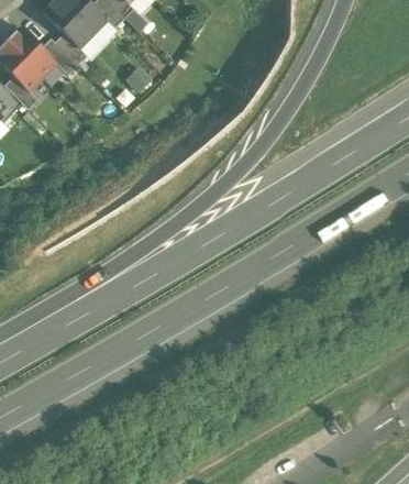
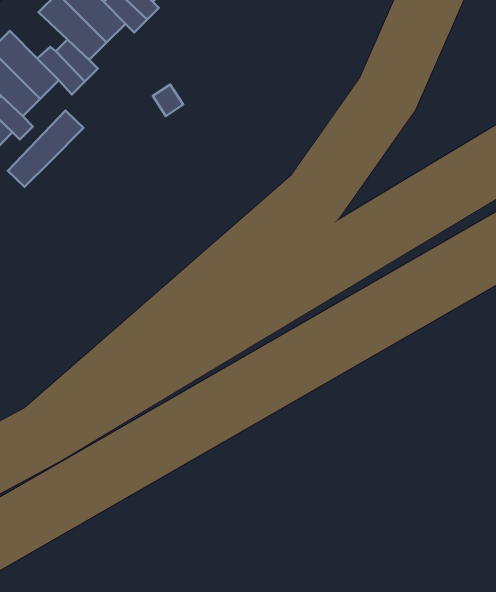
building: none -> [8,111,84,187]

